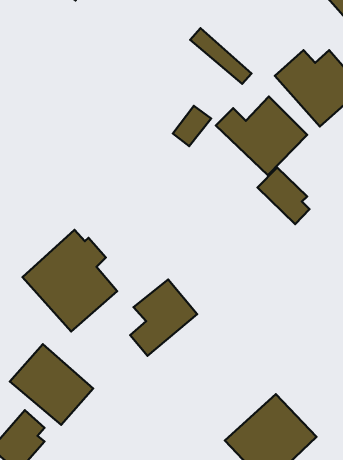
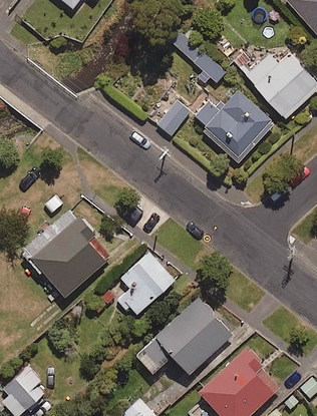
building: [257,167,310,224] -> none
building: none -> [136,299,232,374]
building: [10,344,93,425] -> none

